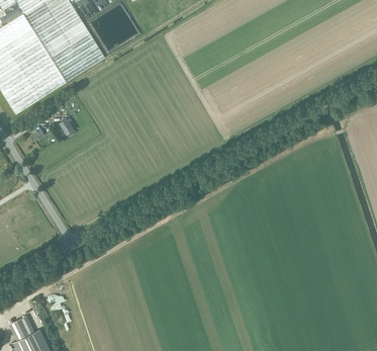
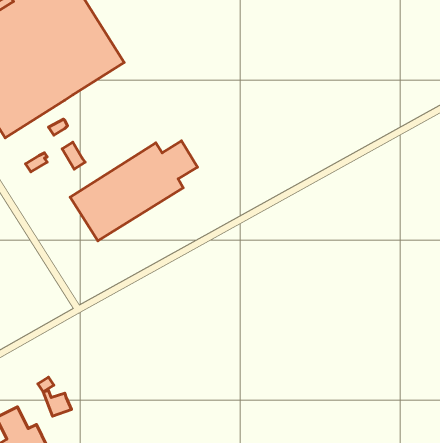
building: none -> [70,141,198,241]

